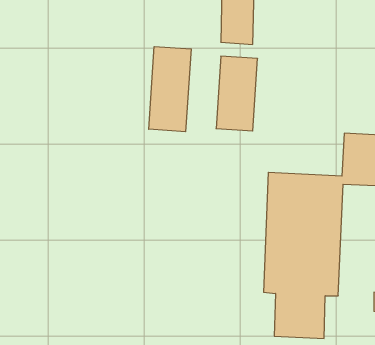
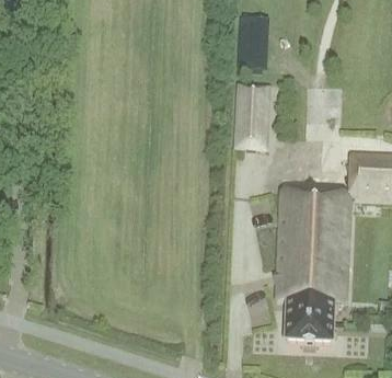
building: [149,47,191,132] -> none

